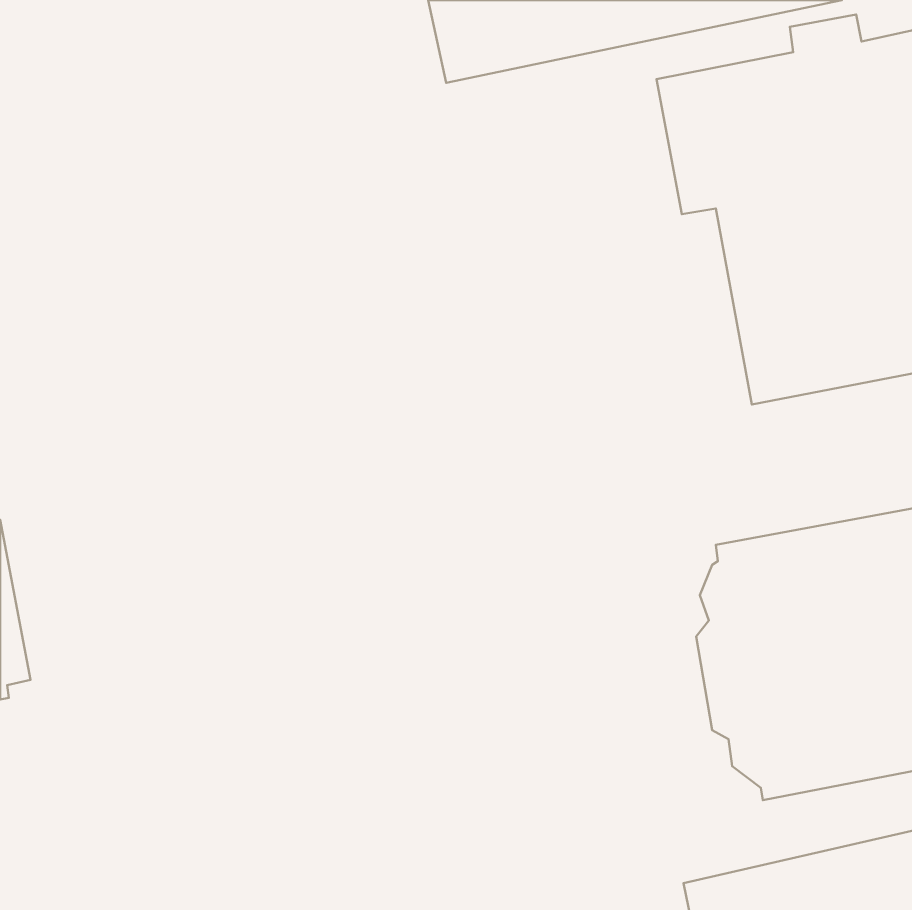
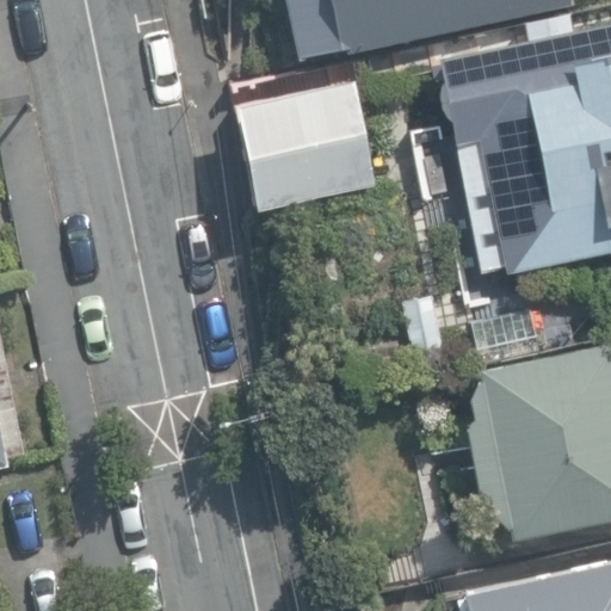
building: none -> [233,86,382,212]

